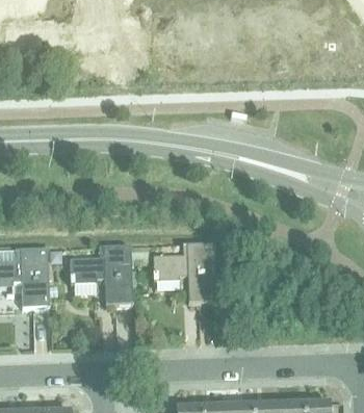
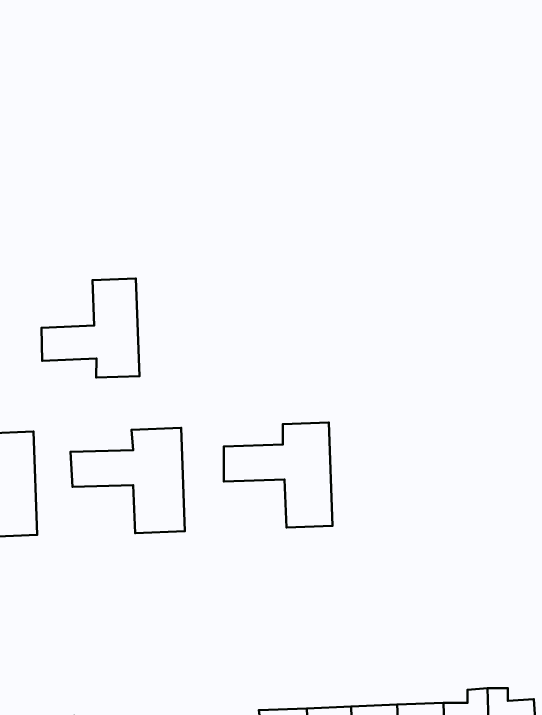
building: none -> [41,279,139,378]

